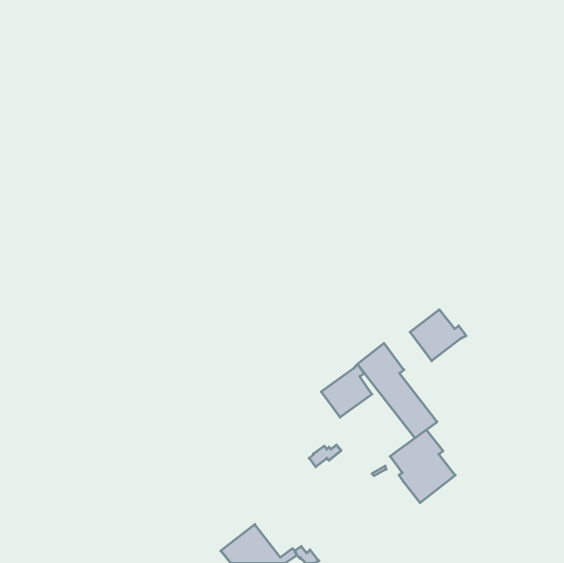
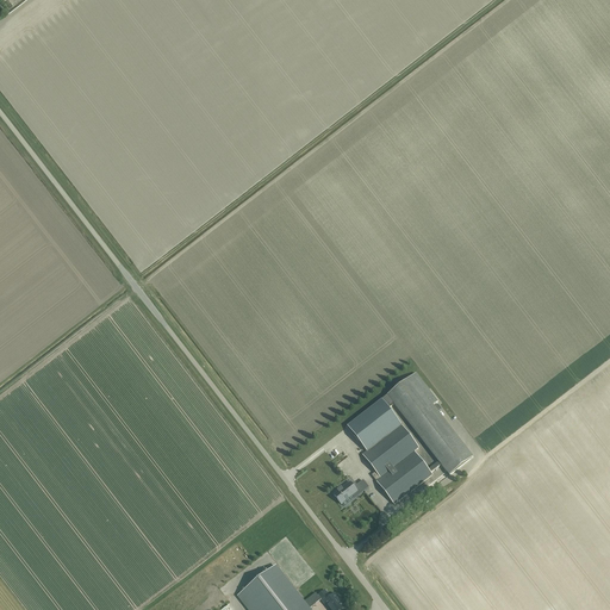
building: [410,310,466,361] -> none
building: [390,430,455,503] -> [362,425,432,504]

